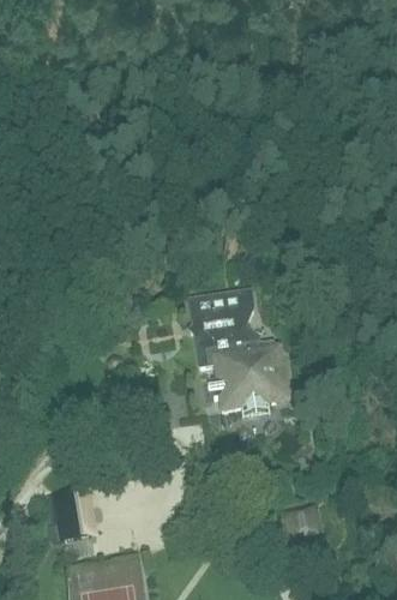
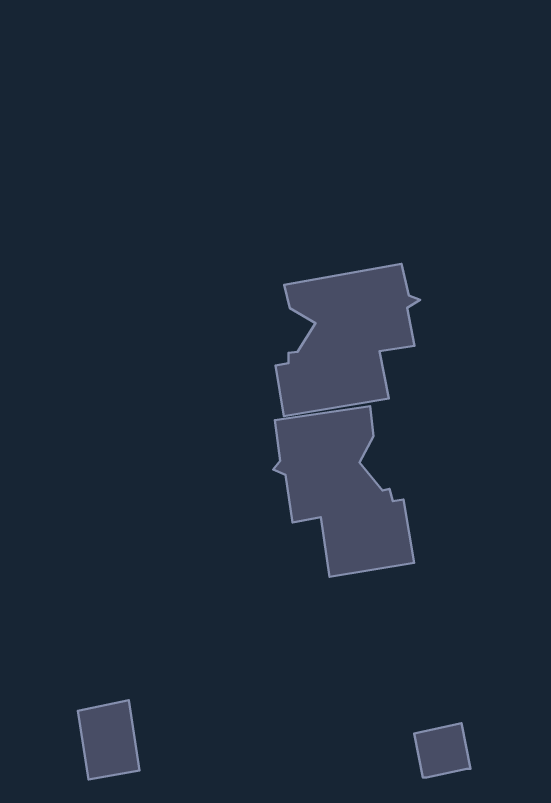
building: none -> [275,264,420,416]

